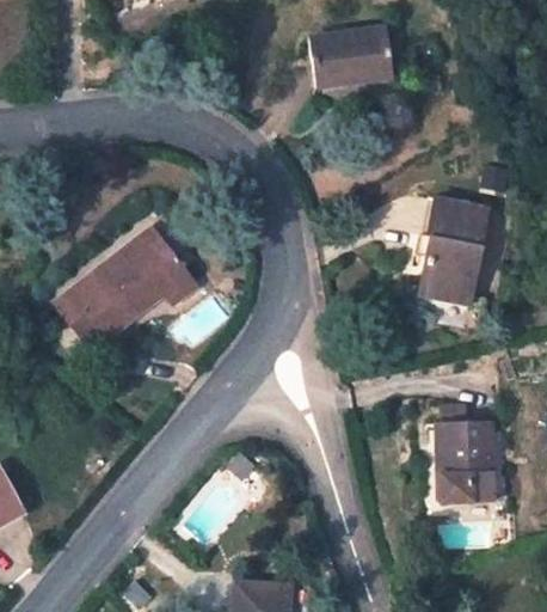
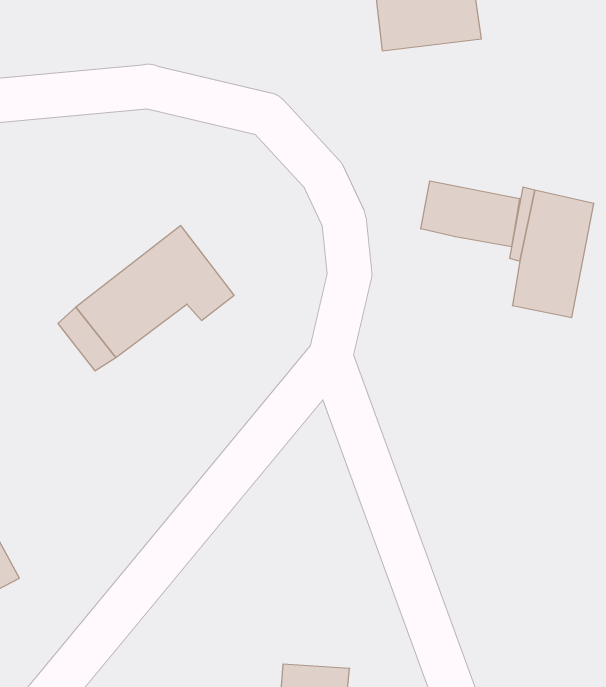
building: none -> [421,181,520,247]
building: [438,423,491,502] -> none

